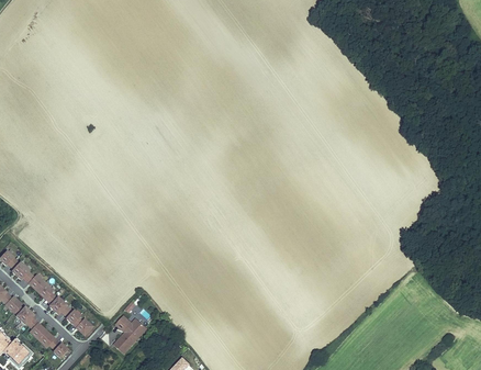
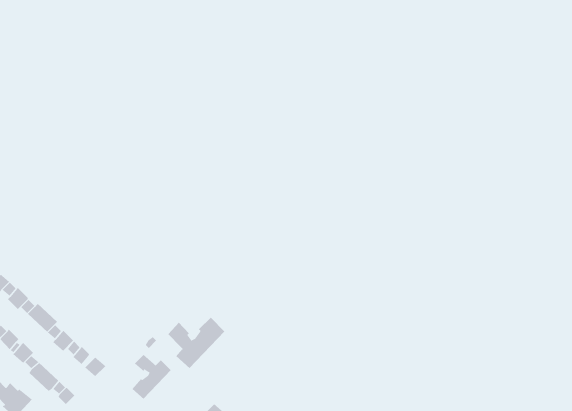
building: none -> [168,317,225,369]

